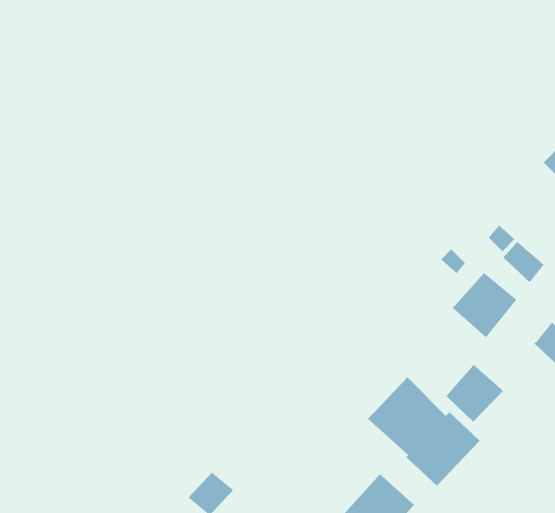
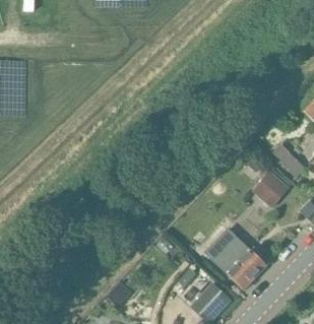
building: [445,363,504,422] -> none

